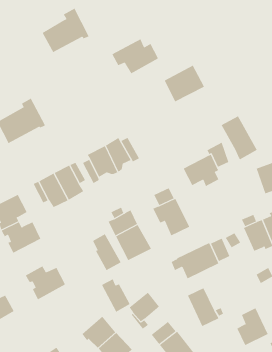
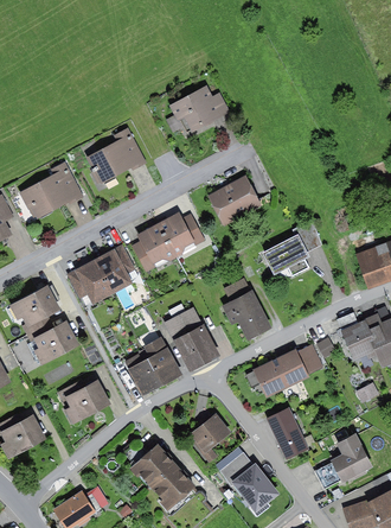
building: [42,8,89,53] -> [85,126,147,184]
building: [164,65,205,102] -> [207,176,261,224]
building: [221,115,258,160] -> none
building: [101,278,131,312] -> [123,352,161,396]

